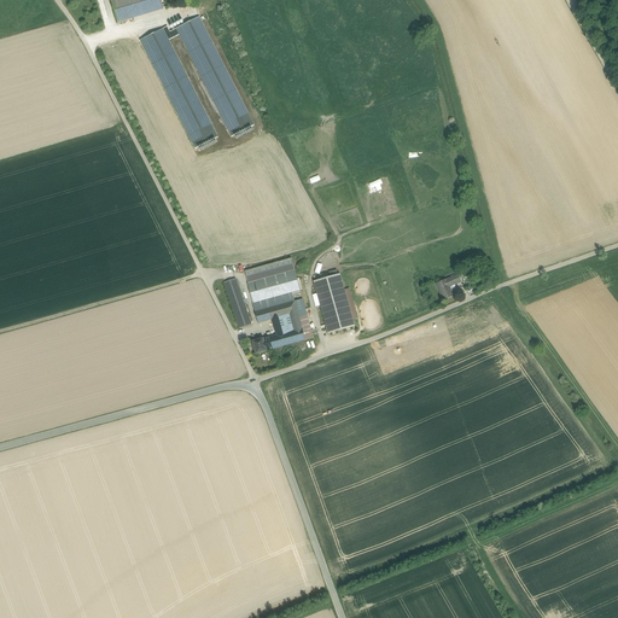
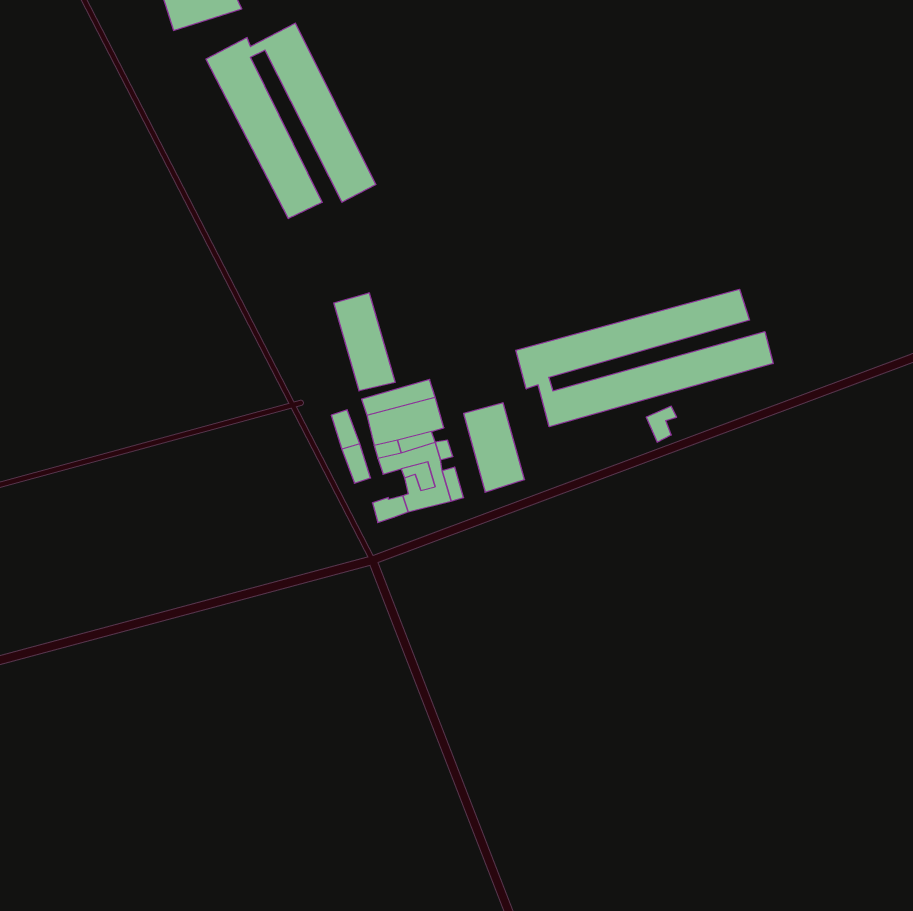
building: none -> [516,289,773,427]
building: none -> [334,293,395,391]

